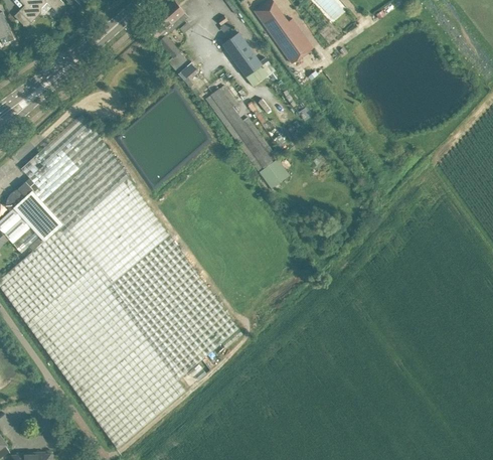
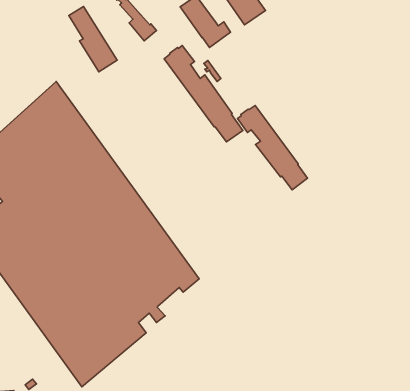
building: none -> [69,7,117,72]
building: none -> [237,105,307,190]

